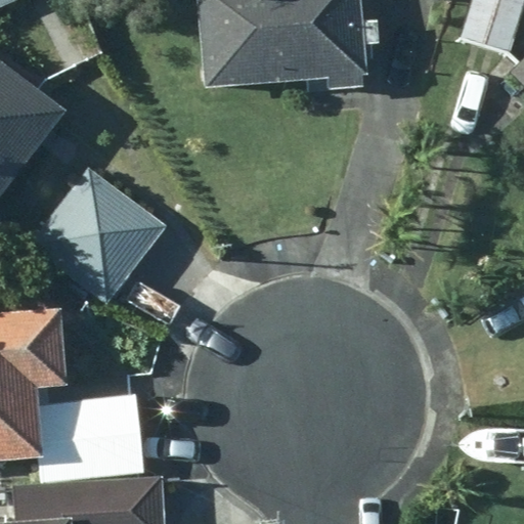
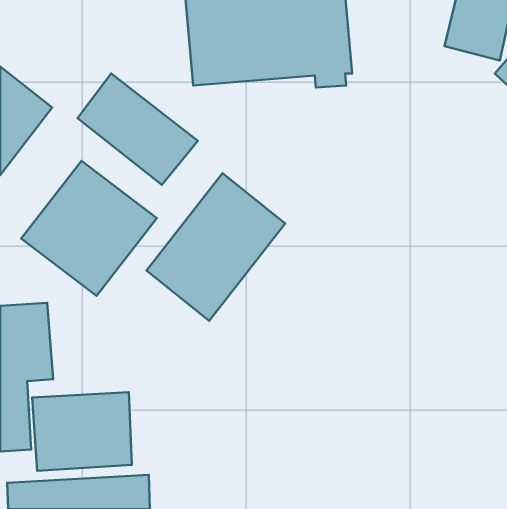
building: none -> [77,74,198,185]
building: none -> [147,173,285,321]

